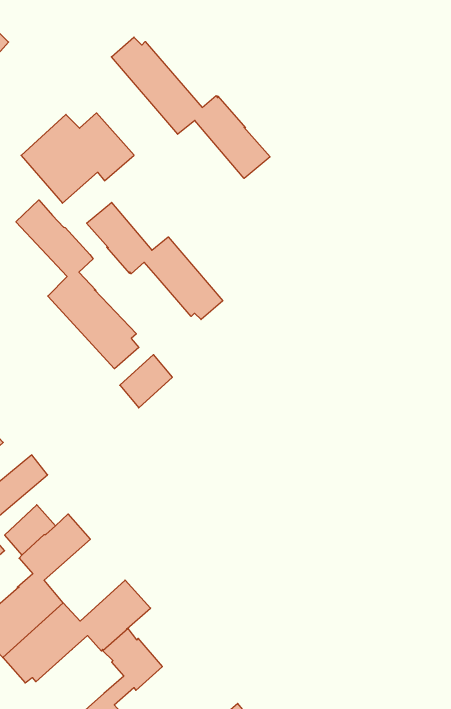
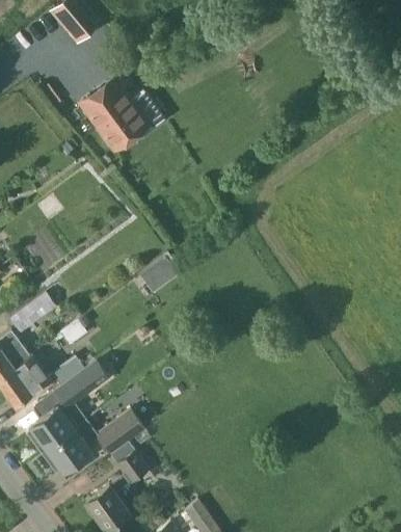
building: [111,37,270,178] -> none
building: [16,200,139,369] -> none
building: [87,202,223,320] -> none

